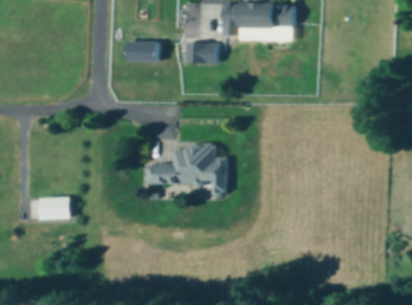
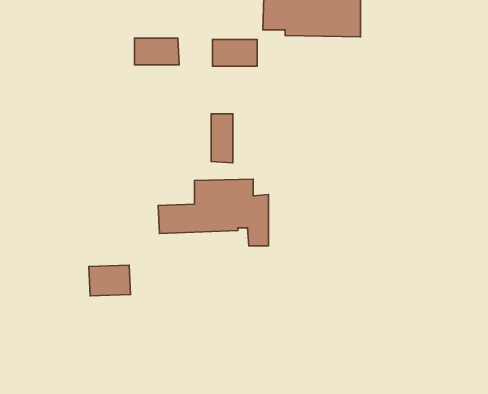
building: none -> [211,114,233,163]
building: [41,196,72,218] -> [89,265,131,296]

